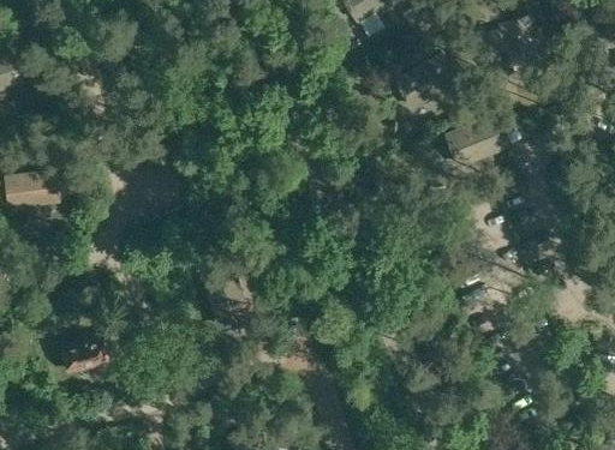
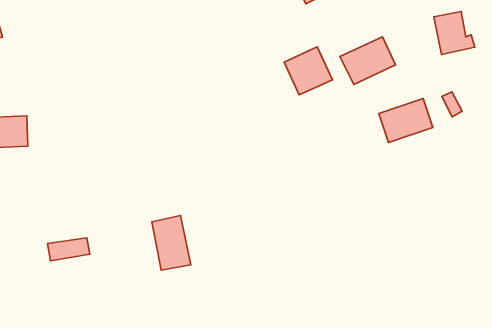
building: none -> [284,47,333,95]
building: [62,341,111,370] -> [47,238,90,261]

